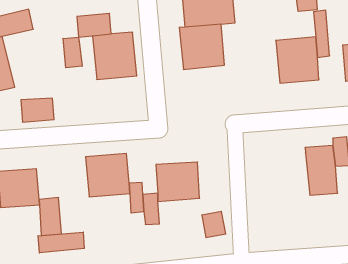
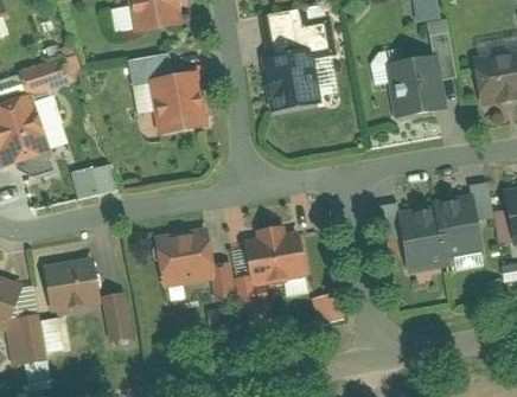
building: [63,37,82,68] -> none
building: none -> [397,204,449,276]
building: [38,232,84,253] -> none

